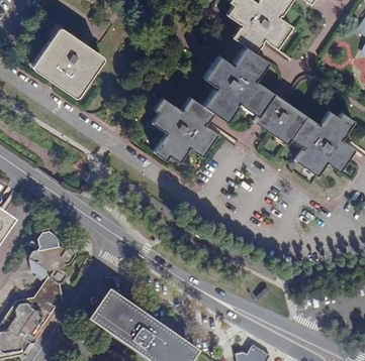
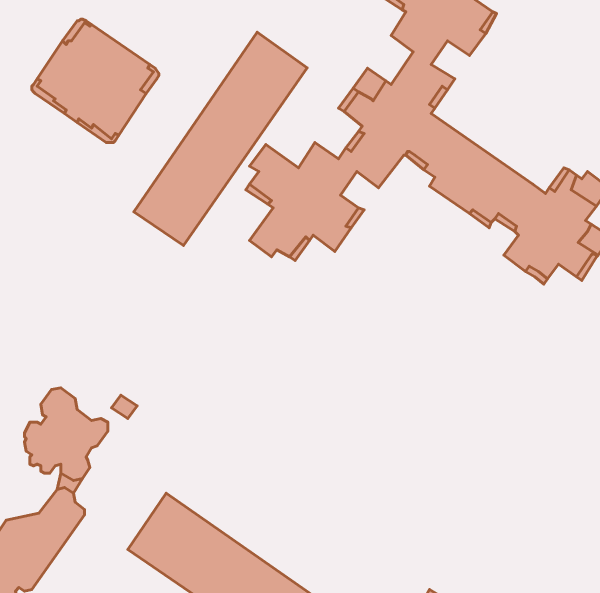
building: none -> [134,32,307,246]

